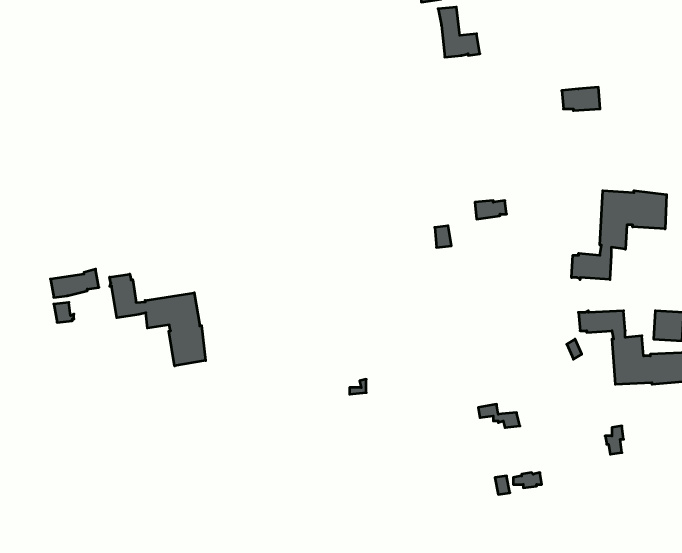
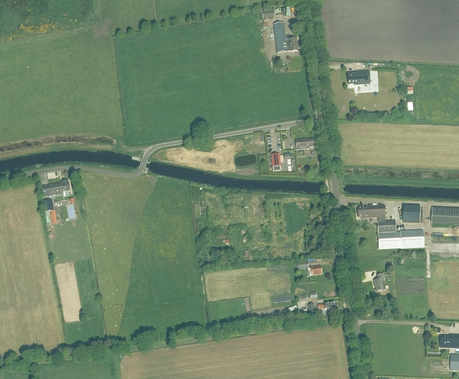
building: [572,191,667,280] -> none
building: [110,274,206,366] -> none

